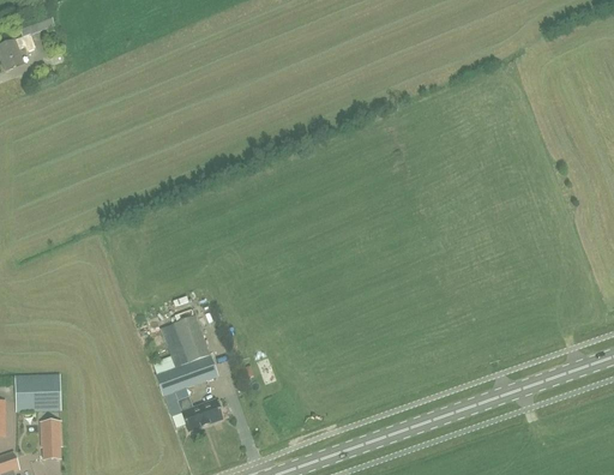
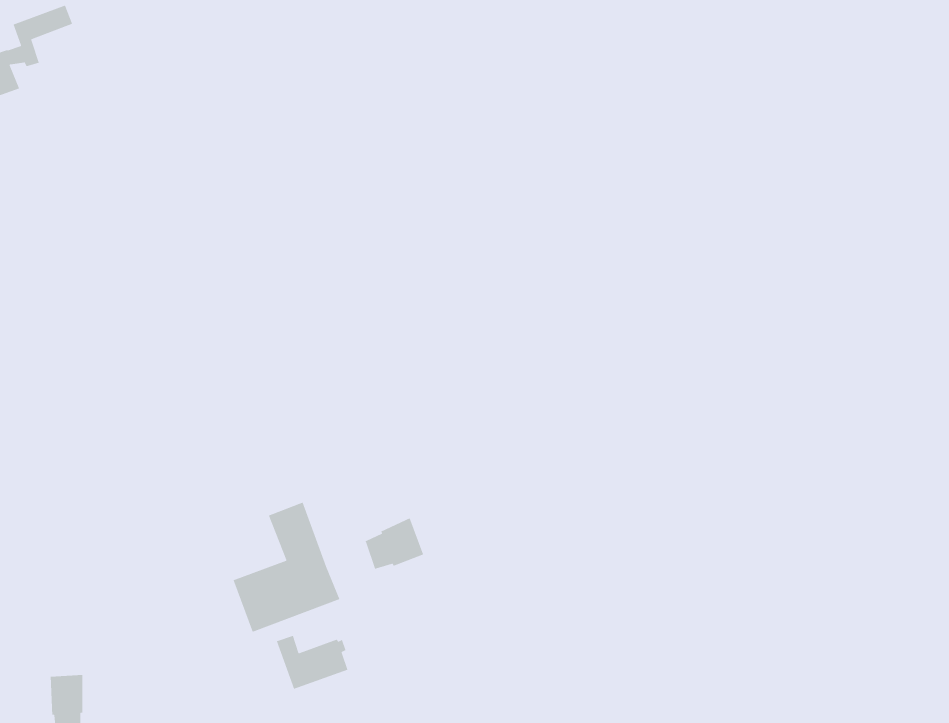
building: none -> [365,517,424,570]
building: [14,374,59,410] -> none

